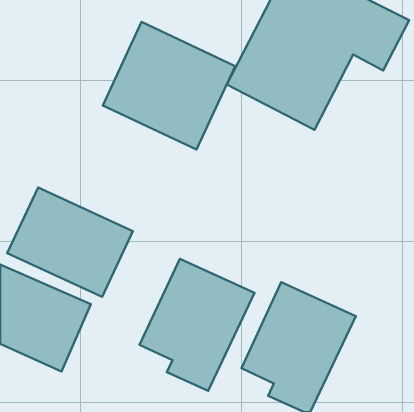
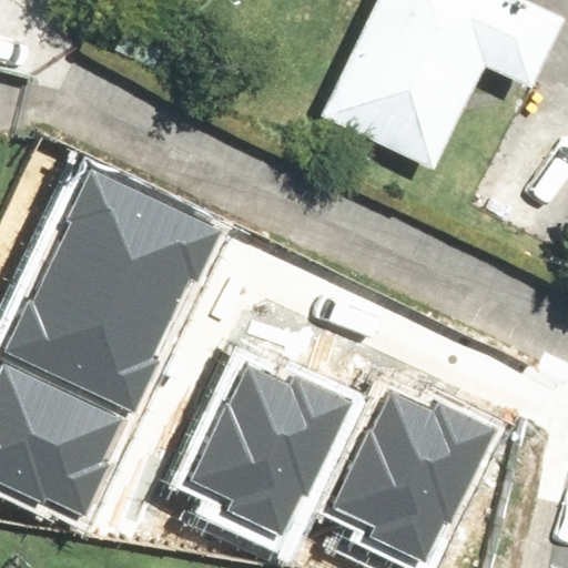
building: [103,22,235,150] -> none
building: none -> [52,171,222,316]

